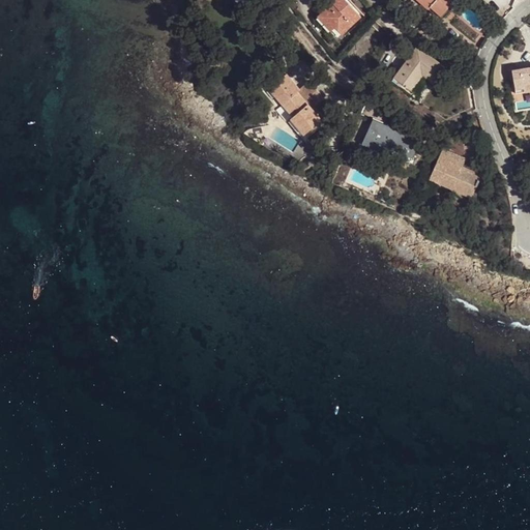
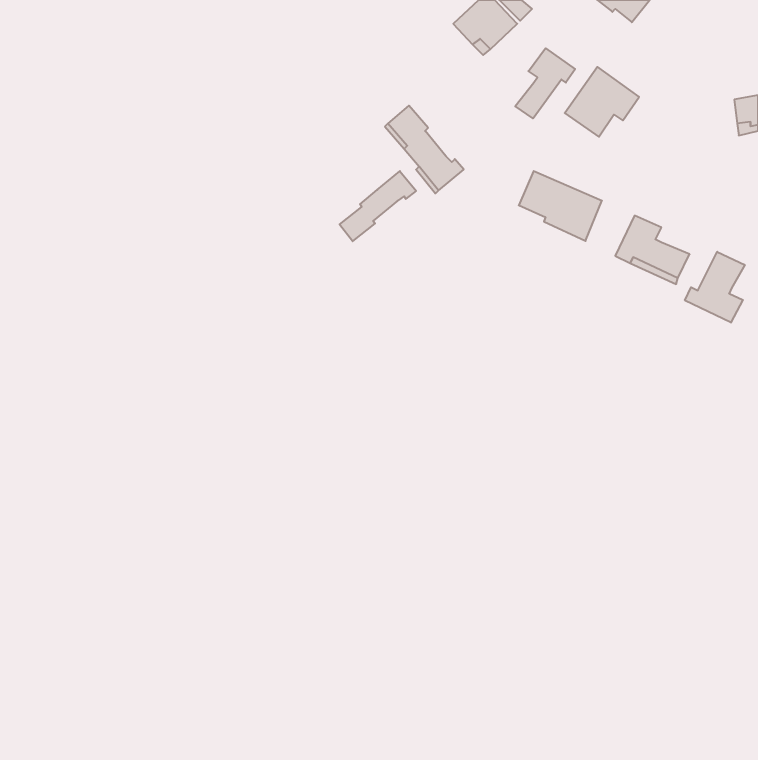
building: none -> [515,48,575,118]
building: none -> [340,171,416,241]
building: none -> [685,252,745,323]

